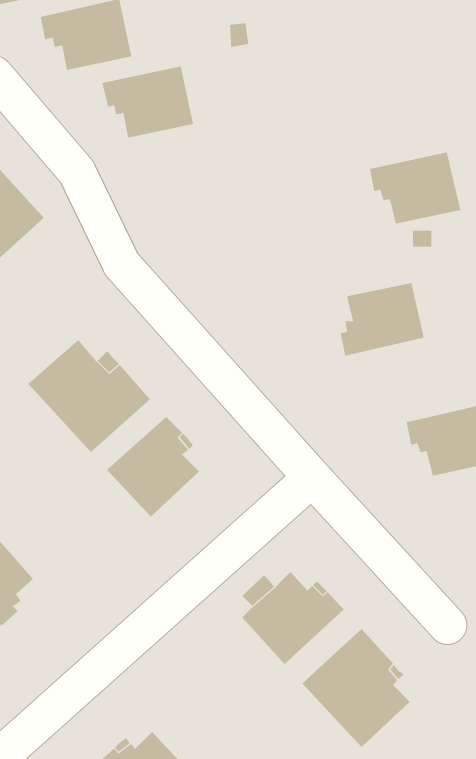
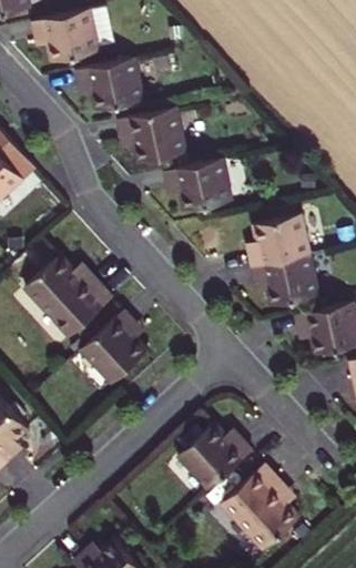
building: none -> [119,106,185,163]
building: [369,152,461,224] -> [165,159,232,211]
building: none -> [252,254,318,305]

